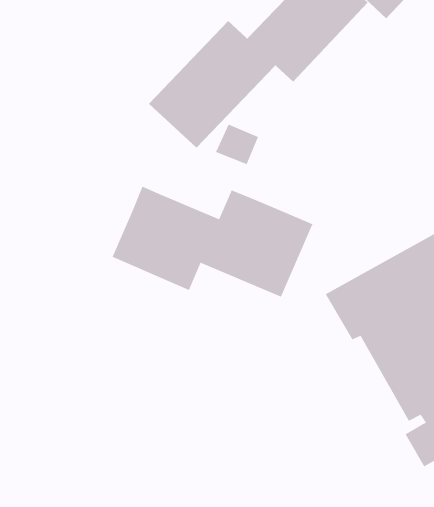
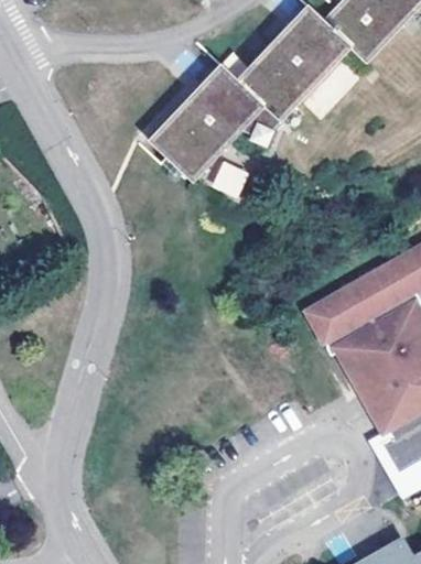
building: [112,186,313,297] -> none

